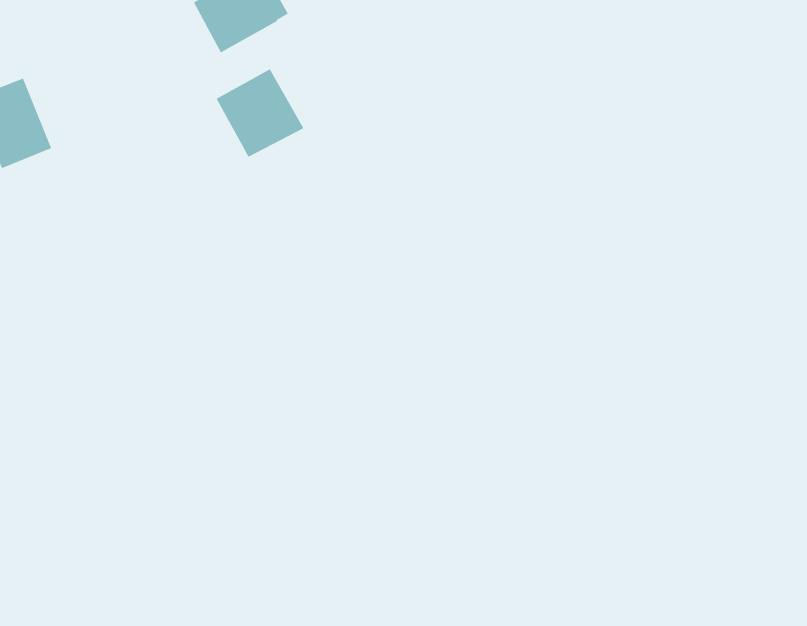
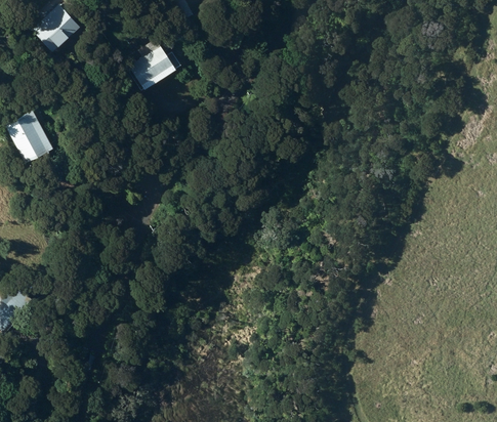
building: [216,68,305,158] -> none

